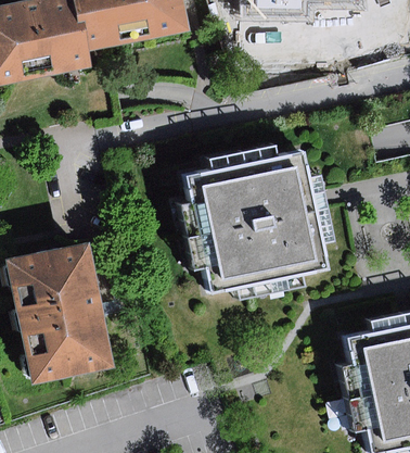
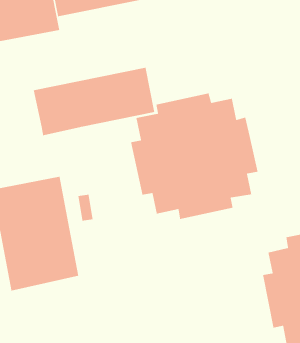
building: none -> [33,67,155,136]

